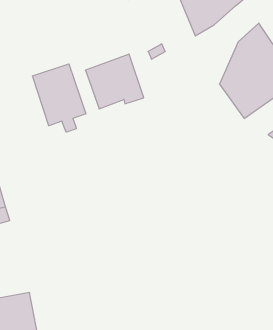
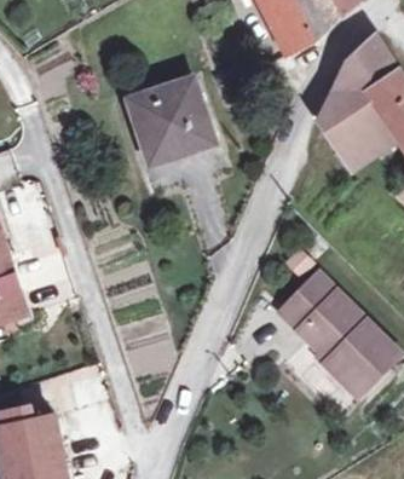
building: [33,64,86,132] -> none
building: none -> [277,272,391,393]

